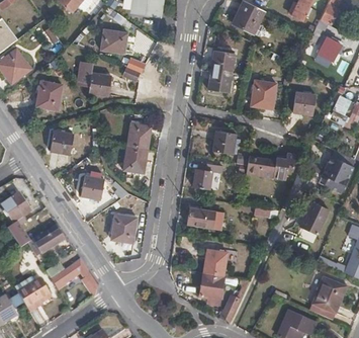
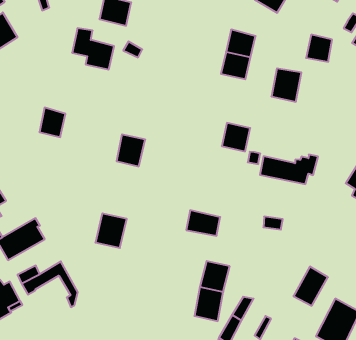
building: [38,81,63,108] -> none
building: [293,90,315,112] -> [306,35,332,62]
building: [126,123,150,149] -> none
building: [193,163,220,188] -> none
building: [82,176,105,199] -> none
building: [299,199,328,233] -> [293,267,328,306]

